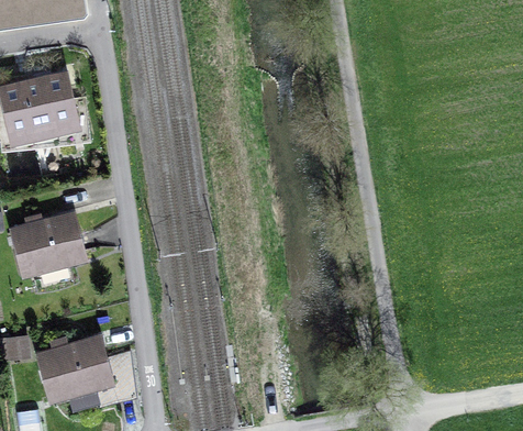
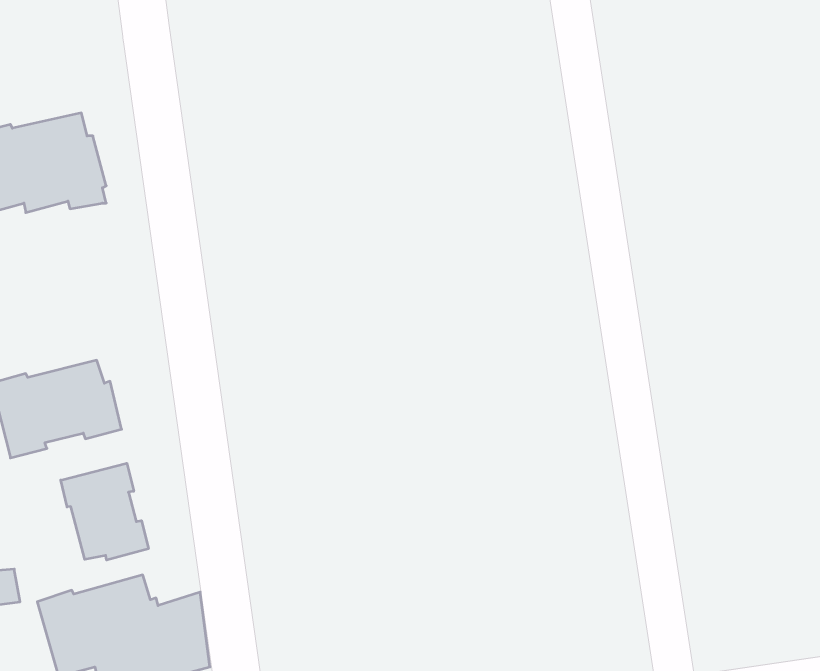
building: none -> [61,463,148,560]

